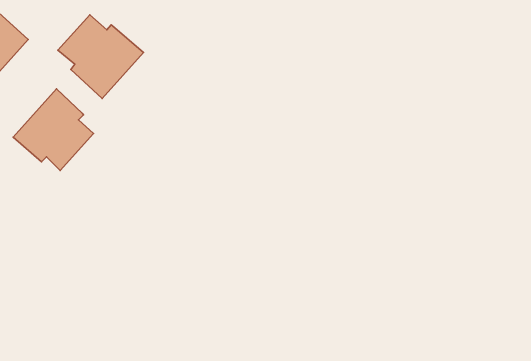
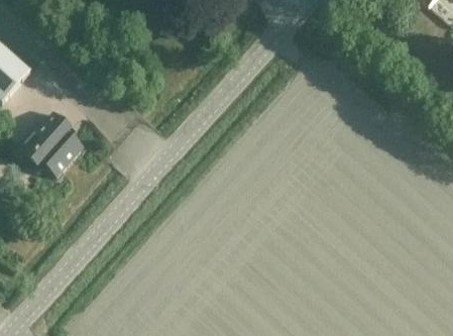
building: [58,15,144,98] -> none

